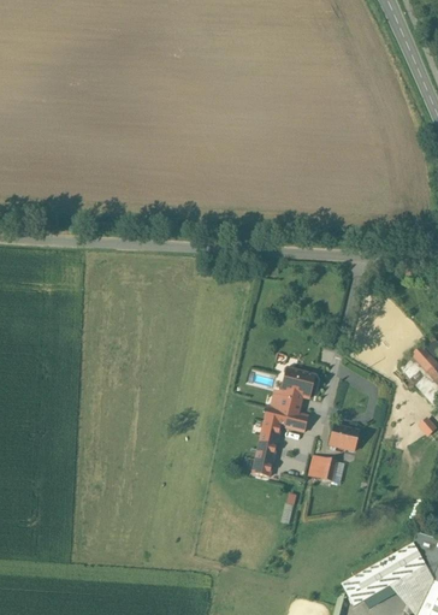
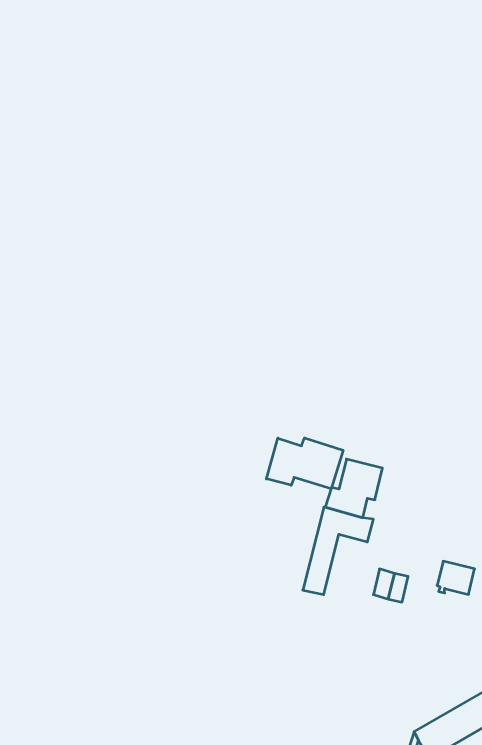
building: none -> [266,438,343,489]
building: [328,425,359,451] -> [437,561,475,594]

